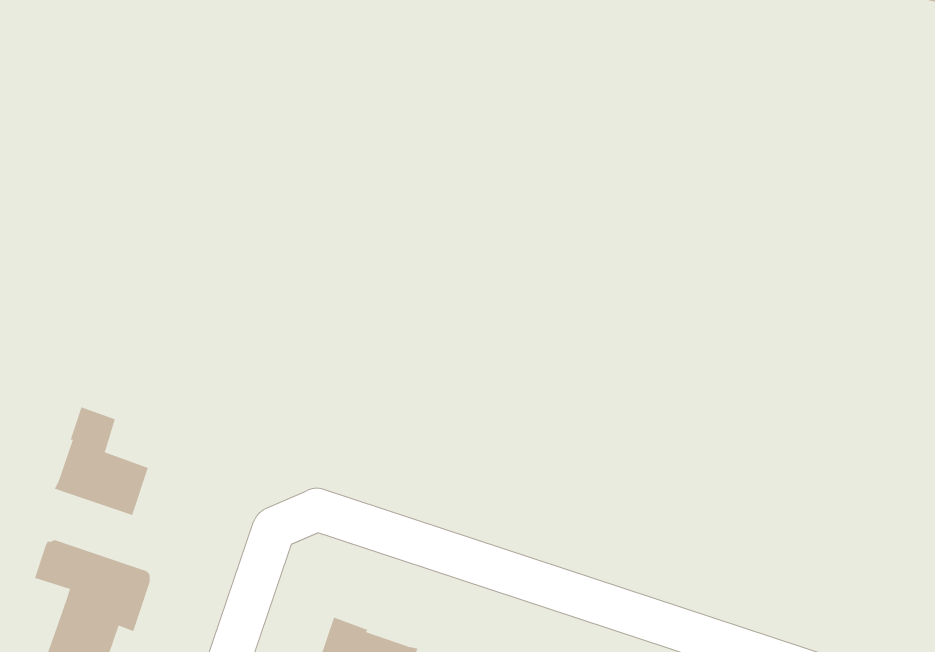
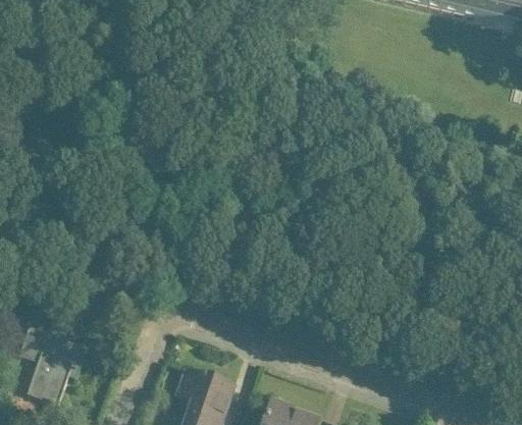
building: [54,406,148,516] -> none

